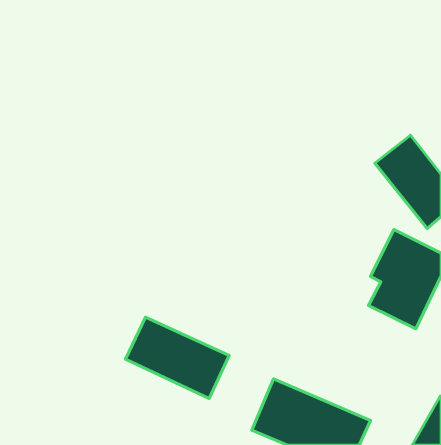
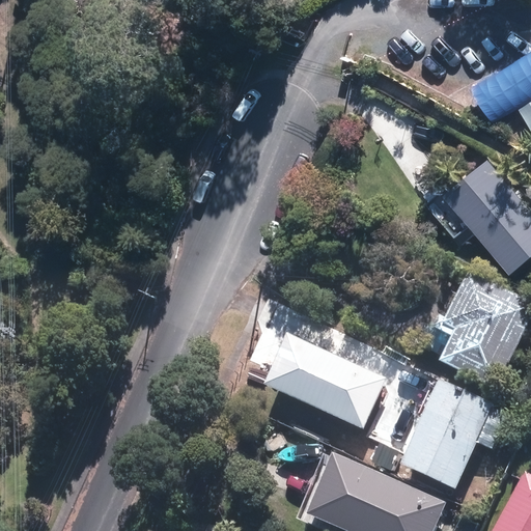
building: [126,317,229,398] -> [259,332,383,428]
building: none -> [401,381,493,491]

